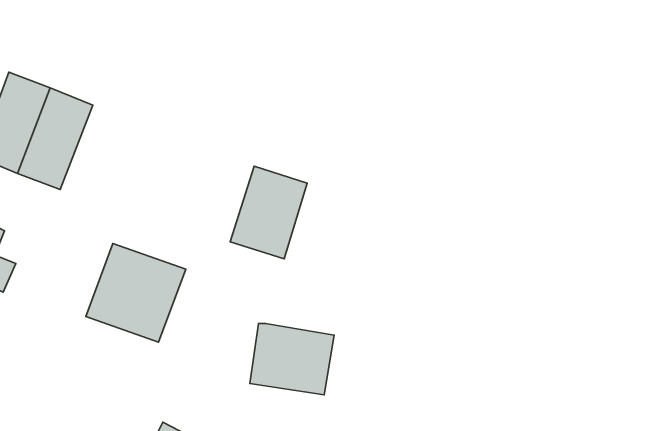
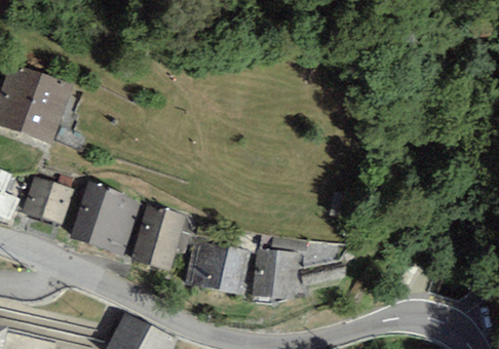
building: [230,166,307,259] -> [130,203,186,270]
building: none -> [22,176,73,224]
building: none -> [253,246,299,299]

